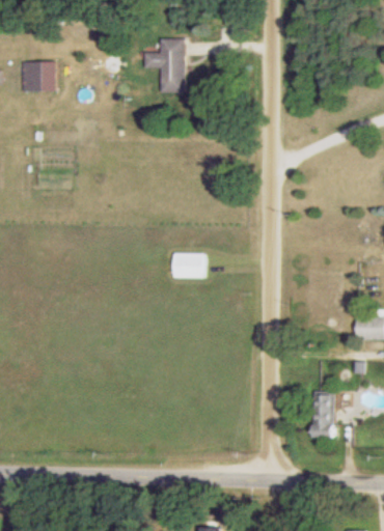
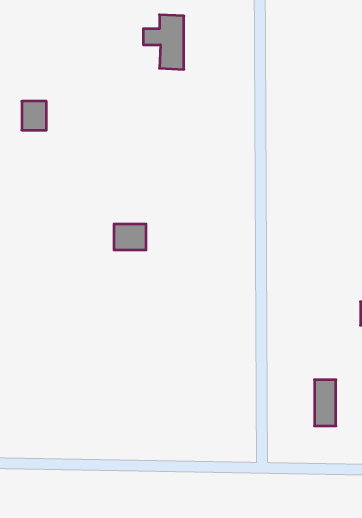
building: [29,62,53,90] -> [22,101,46,130]
building: [170,252,201,277] -> [114,224,146,250]

